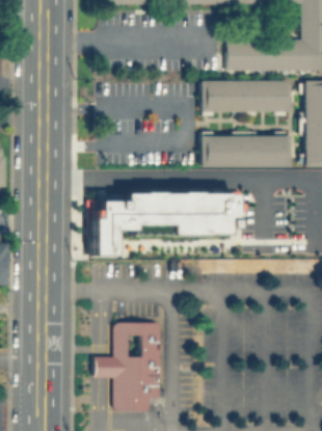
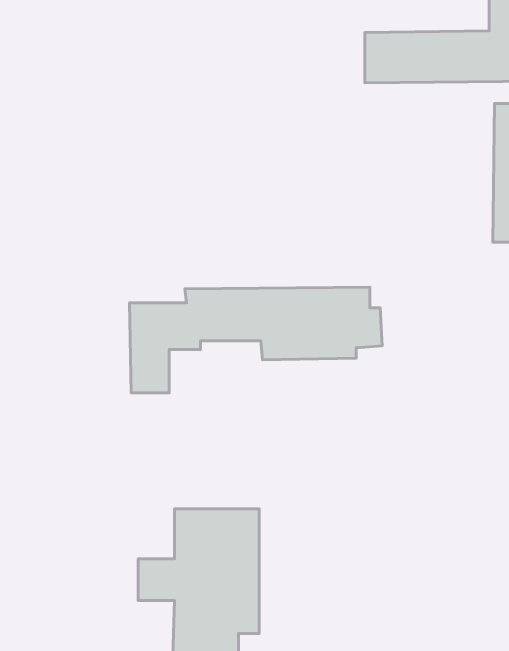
building: [203,81,291,111] -> none
building: [203,137,290,167] -> none

